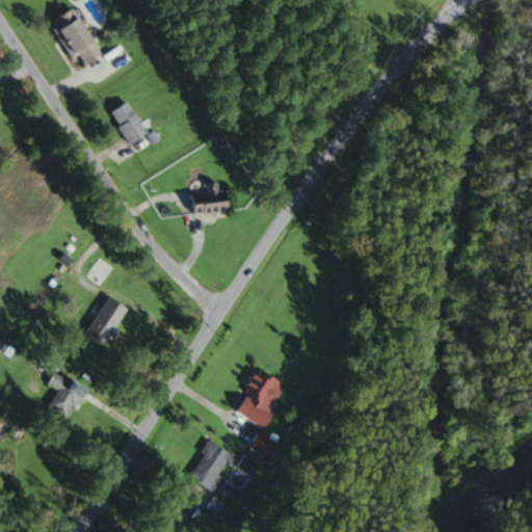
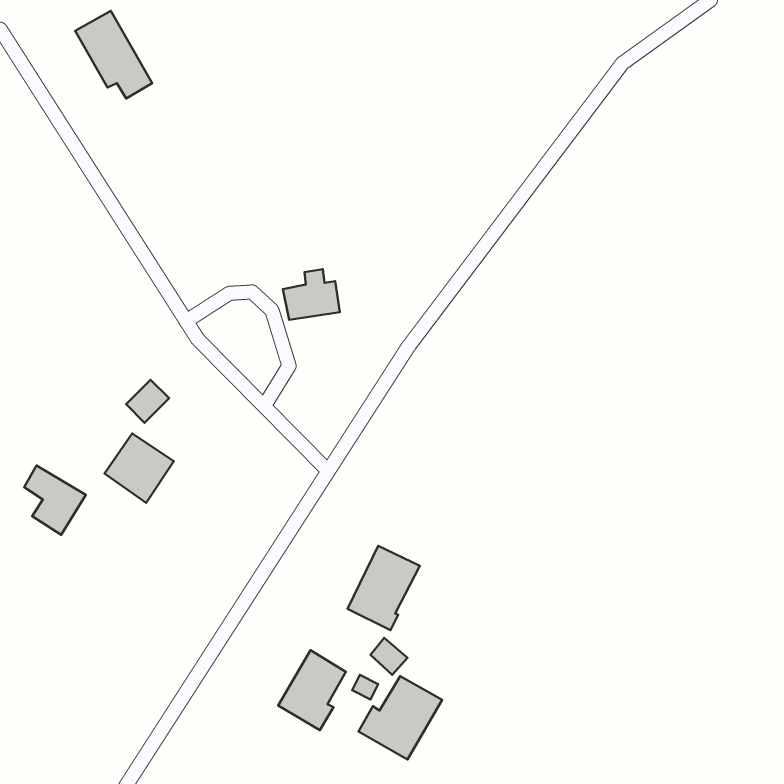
building: [110,103,149,147] -> none
building: [47,370,88,417] -> [24,466,86,535]
building: none -> [359,676,442,760]

